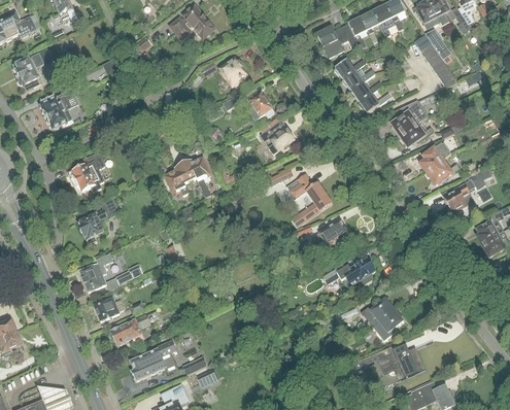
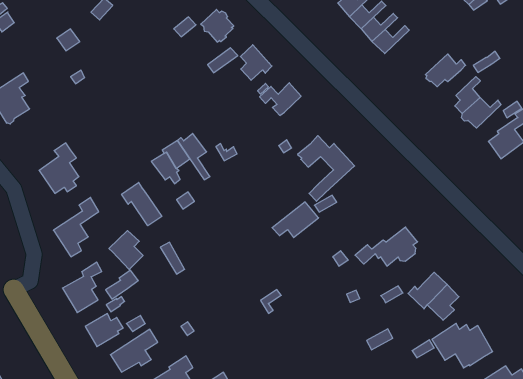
building: [390,100,427,135] -> none
building: none -> [122,182,162,226]
building: [309,219,348,247] -> [272,202,319,238]
building: none -> [109,231,143,270]

